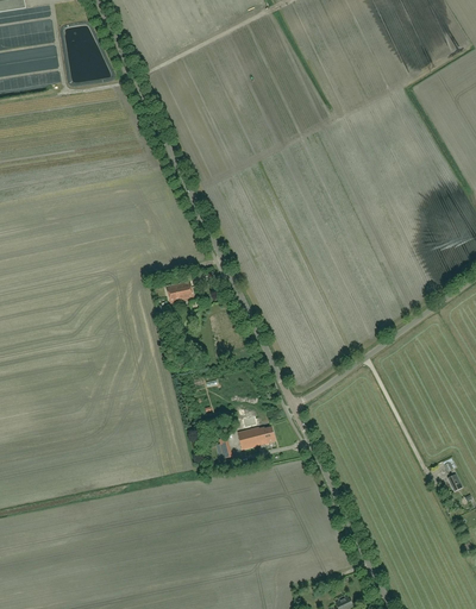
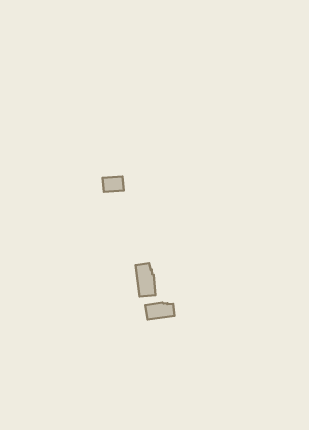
building: none -> [136,263,156,297]

